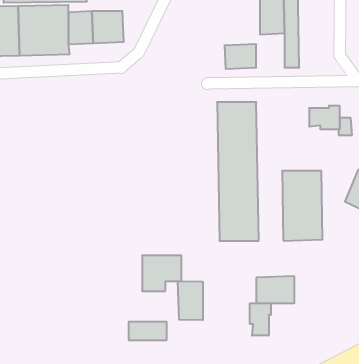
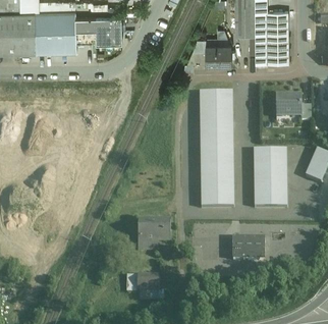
building: none -> [266,11,288,63]
building: [178,281,203,320] -> none
building: [250,303,271,336] -> none

